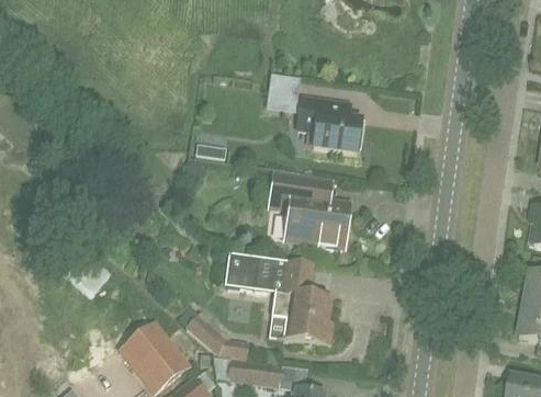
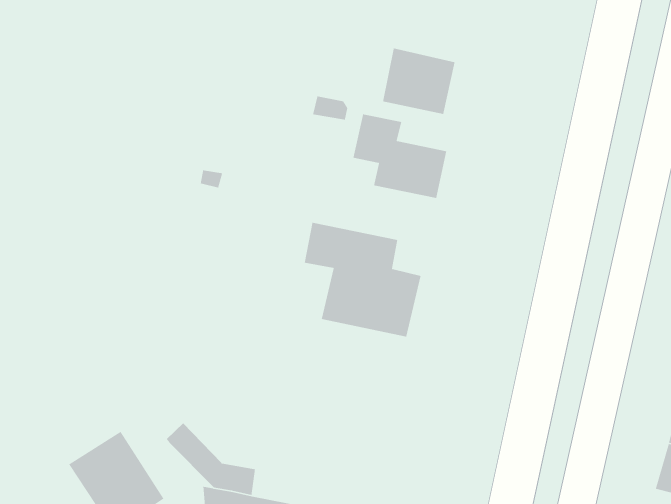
building: none -> [382,48,455,115]
building: [224,250,335,343] -> none

